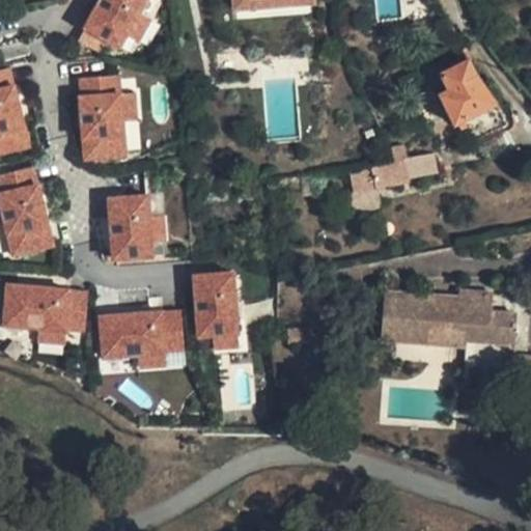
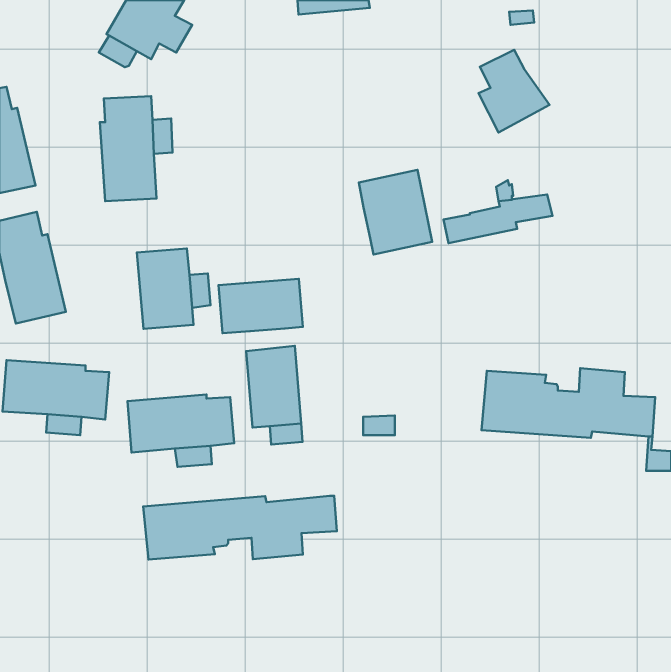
building: [440,59,496,124] -> [479,50,550,133]
building: none -> [359,170,432,254]
building: none -> [218,279,303,333]
building: none -> [143,496,337,559]

